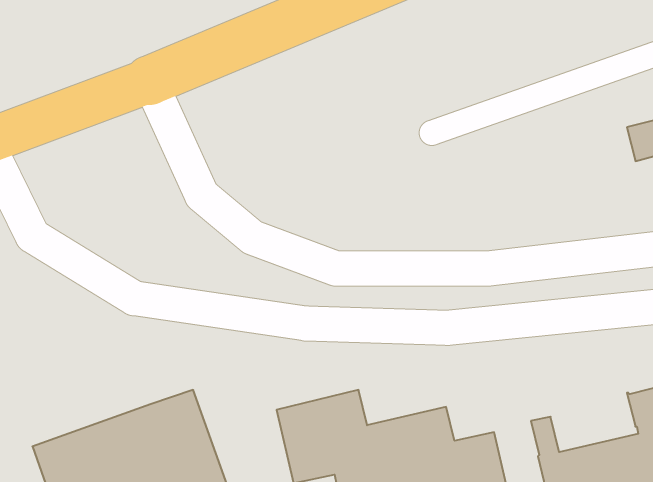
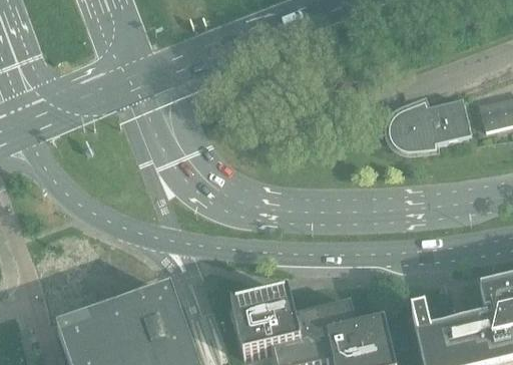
building: none -> [392,94,471,143]

